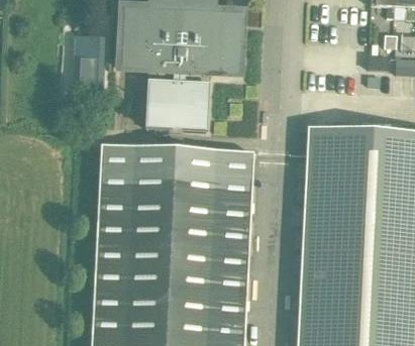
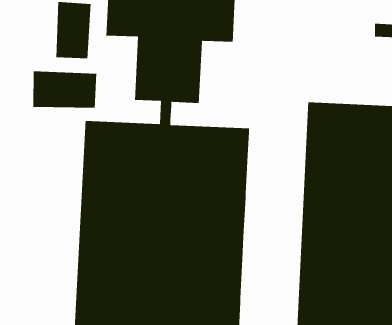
building: none -> [32,71,97,109]

